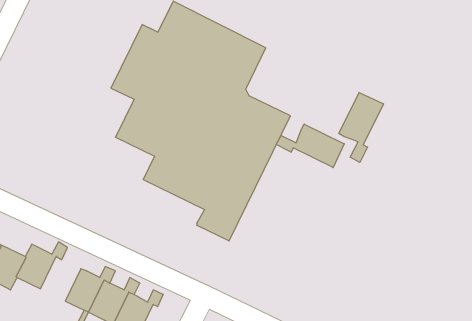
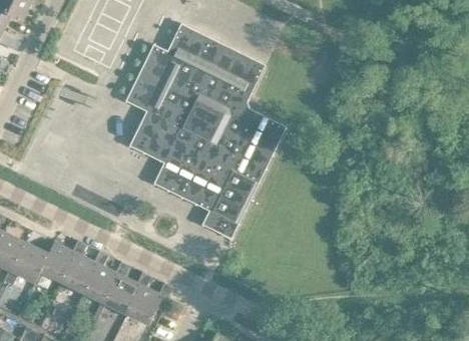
building: [339,92,383,162] -> none
building: [276,124,344,168] -> none
building: none -> [61,251,107,293]

